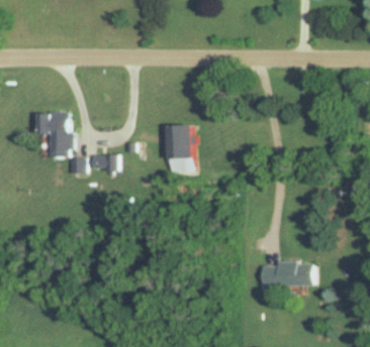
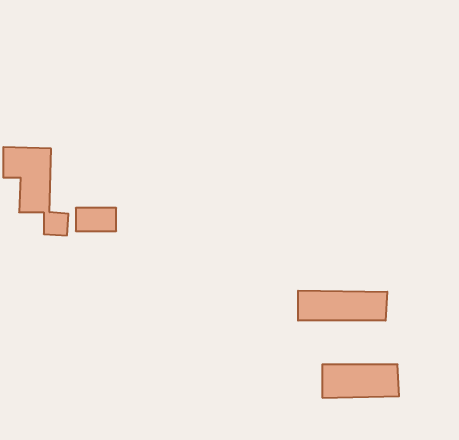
building: [167,125,192,171] -> none
building: none -> [298,291,387,321]

